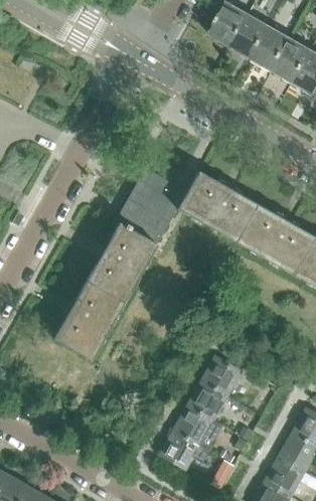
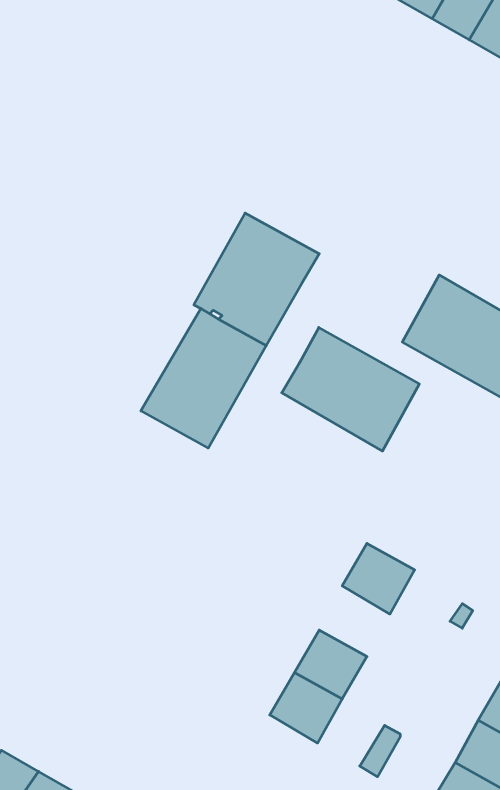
building: [176,170,255,240] -> [282,327,419,451]
building: [52,280,123,359] -> none
building: [186,379,226,420] -> none

